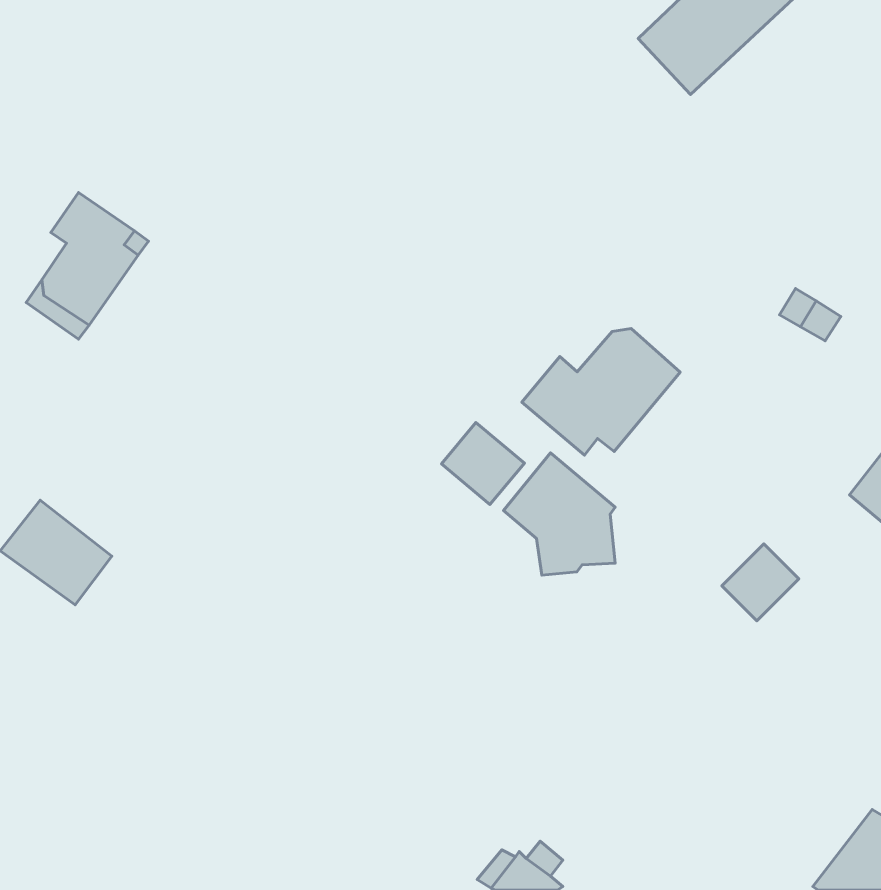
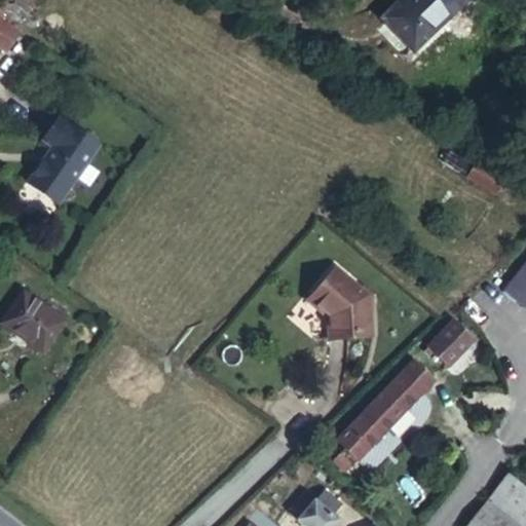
building: [522,328,680,455] -> none
building: [441,423,524,504] -> none
building: none -> [341,361,437,457]

